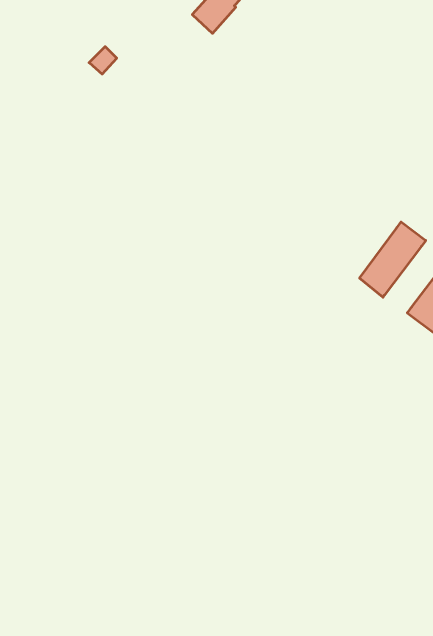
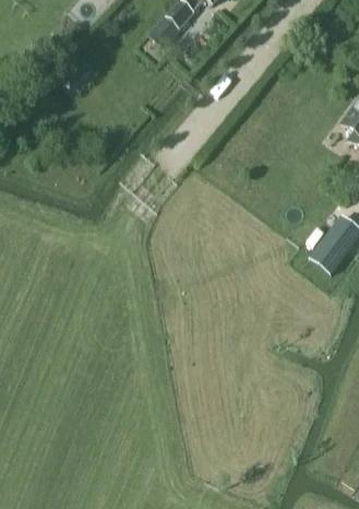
building: [360,222,426,297] -> none

